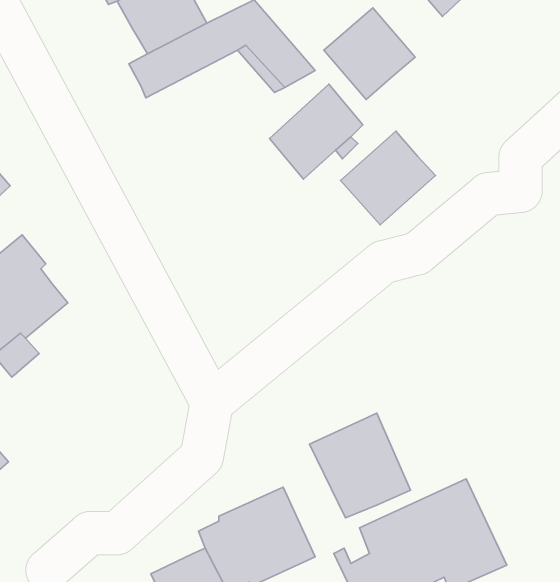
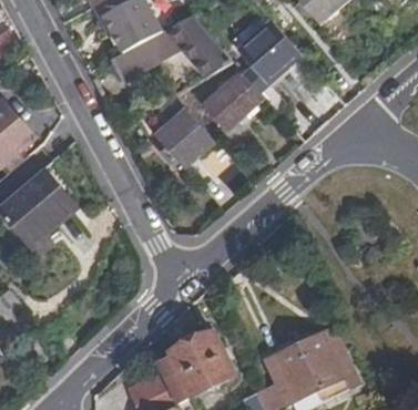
building: [341,131,435,225] -> none
building: none -> [155,111,215,172]
building: [310,413,411,518] -> none

